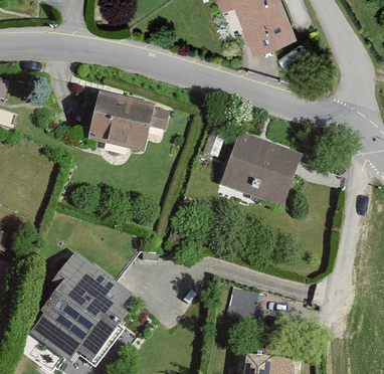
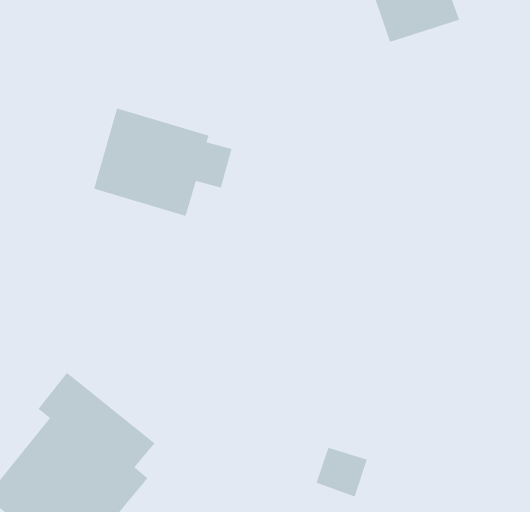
building: [219,135,300,206] -> none

